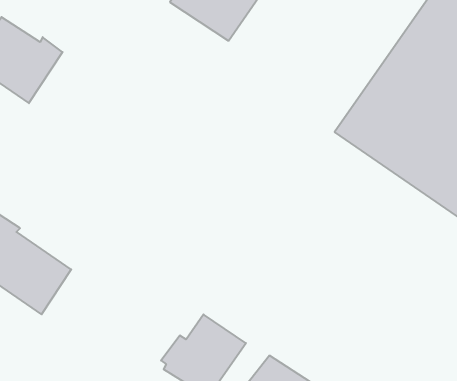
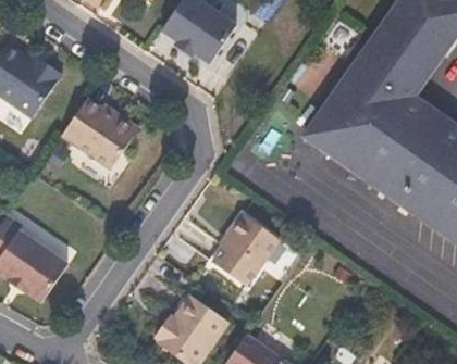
building: none -> [65,95,144,164]
building: none -> [211,212,279,288]

